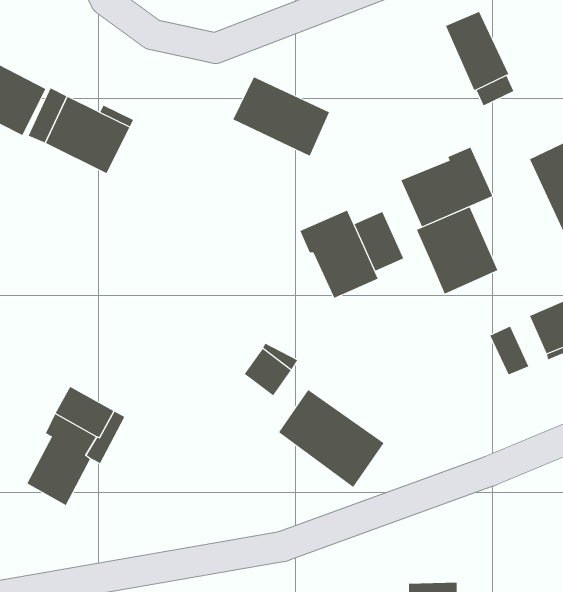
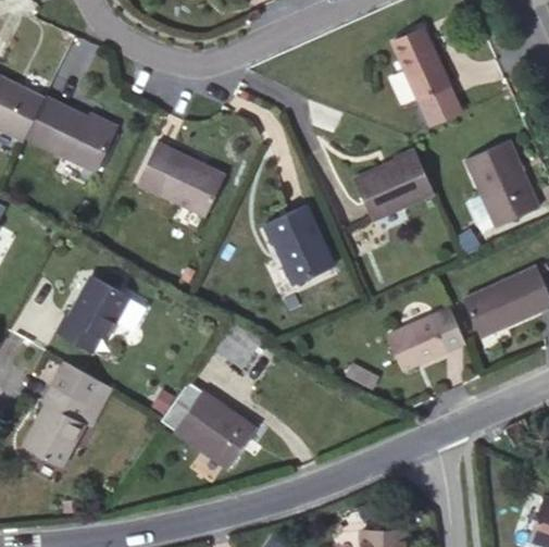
building: [232,76,330,157] -> [138,141,224,212]
building: [416,207,498,295] -> none
building: [354,211,404,271] -> none
building: none -> [53,276,127,352]
building: none -> [386,315,448,371]
building: [278,389,384,488] -> [161,381,254,468]

